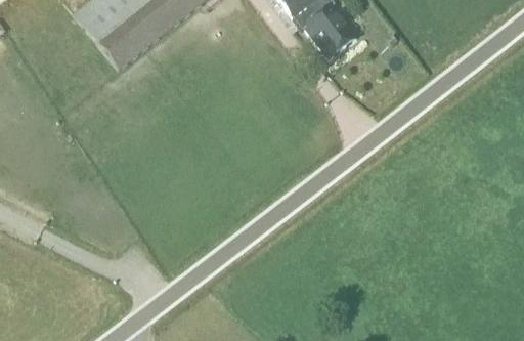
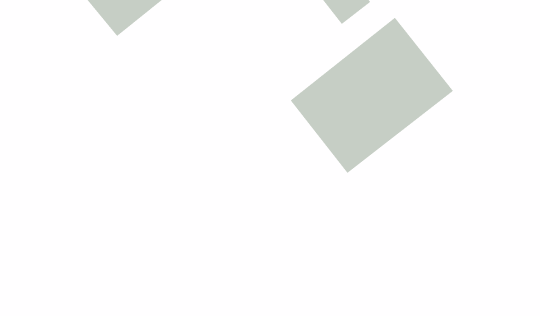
building: none -> [290,17,454,174]

